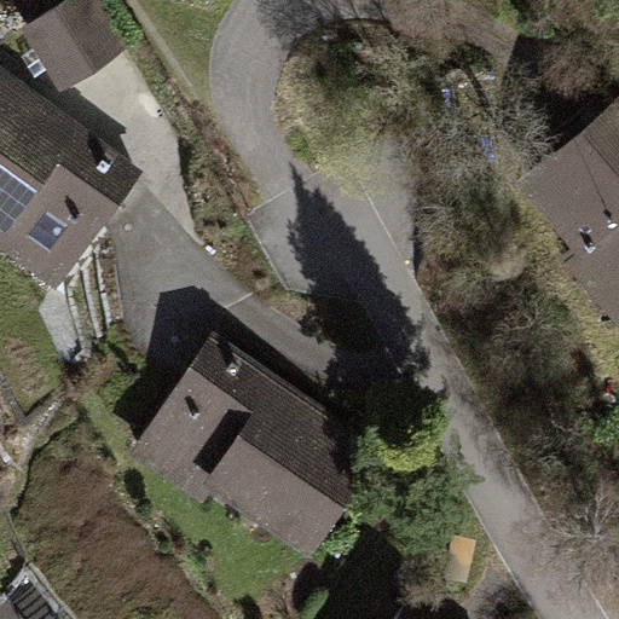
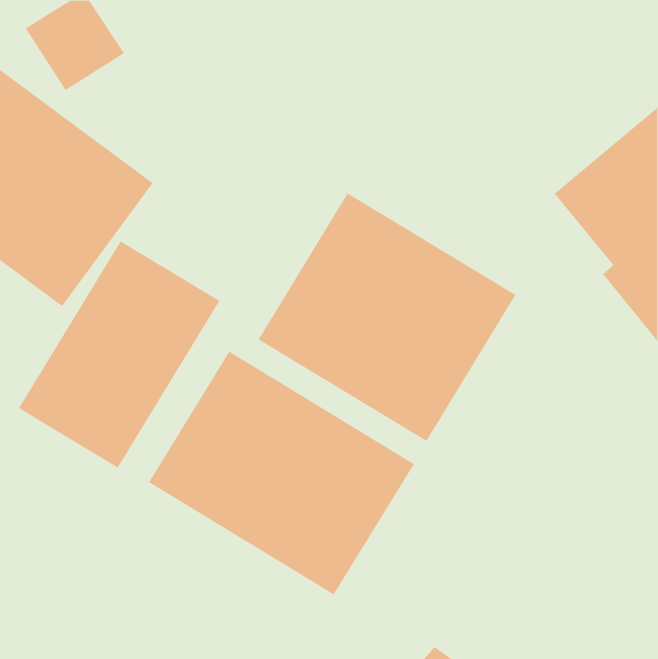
building: none -> [258,193,516,442]
building: none -> [18,240,220,468]

